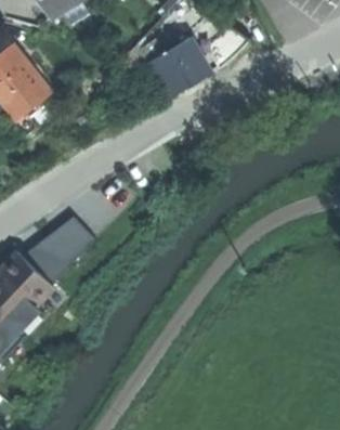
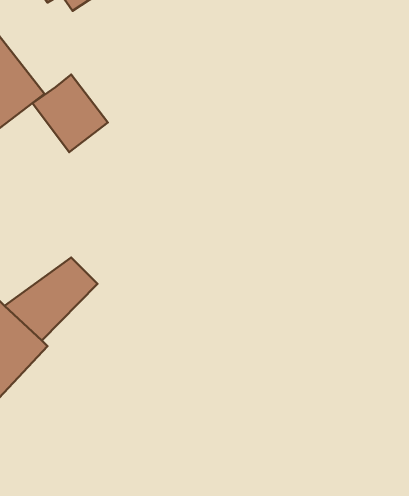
building: [151,38,210,96] -> none
building: none -> [33,74,108,152]

